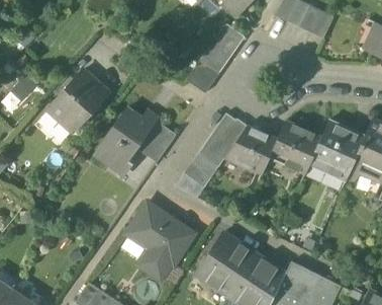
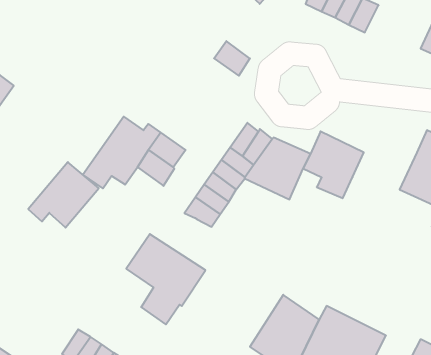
building: [209,23,244,60] -> none
building: [185,60,219,93] -> none
building: [50,71,107,125] -> [28,162,99,228]
building: [312,121,365,179] -> none
building: [195,232,256,296] -> none

